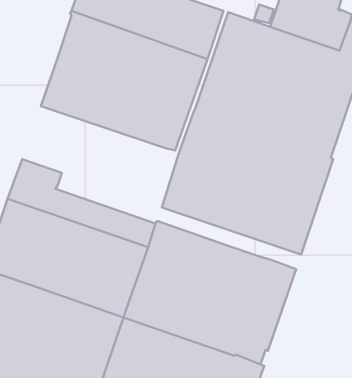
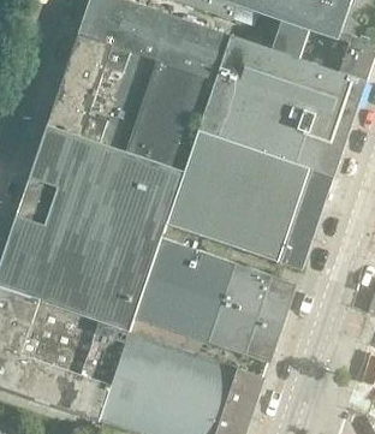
building: none -> [30,126,183,240]

